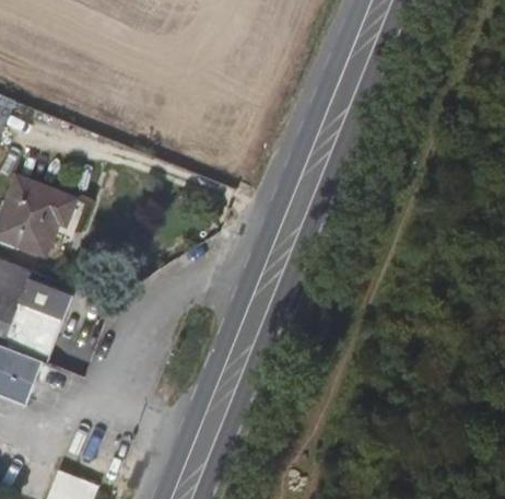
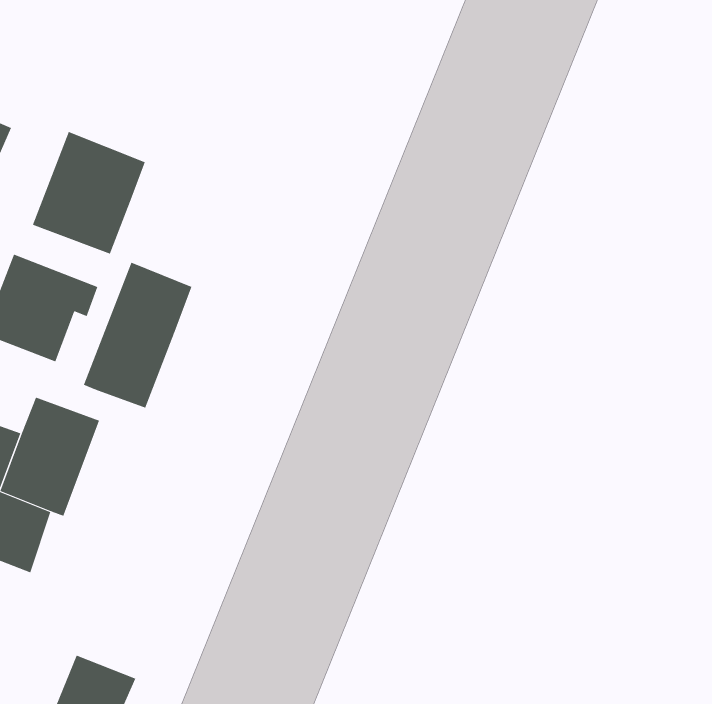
building: none -> [32,131,146,255]
building: none -> [83,262,192,408]

